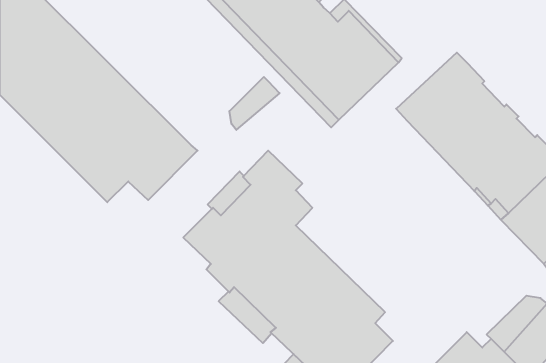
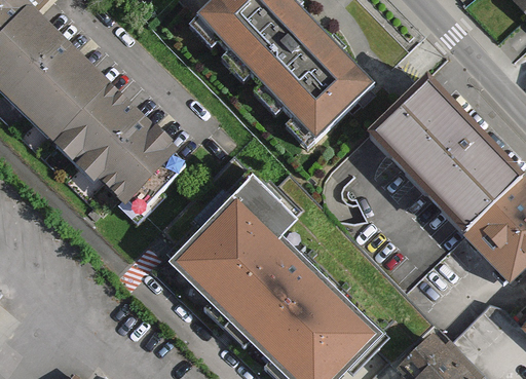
building: [229,77,280,130] -> none

